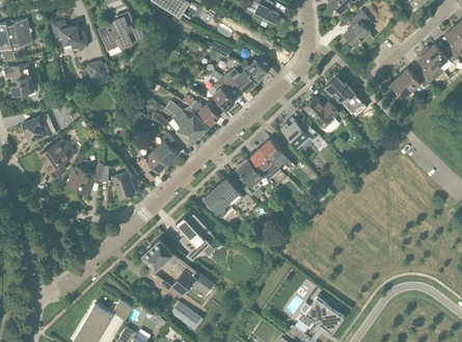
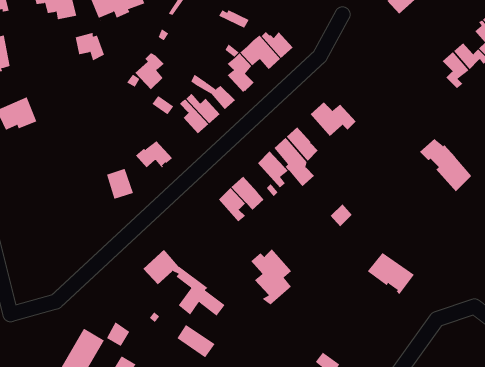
building: [324,77,368,122] -> [419,138,472,192]
building: [302,97,338,130] -> none
building: [154,133,179,164] -> [134,53,165,90]
building: [39,140,69,179] -> none
building: [66,163,102,193] -> none
building: [175,214,210,261] -> [250,249,292,305]
building: [304,297,344,333] -> [367,252,415,295]

